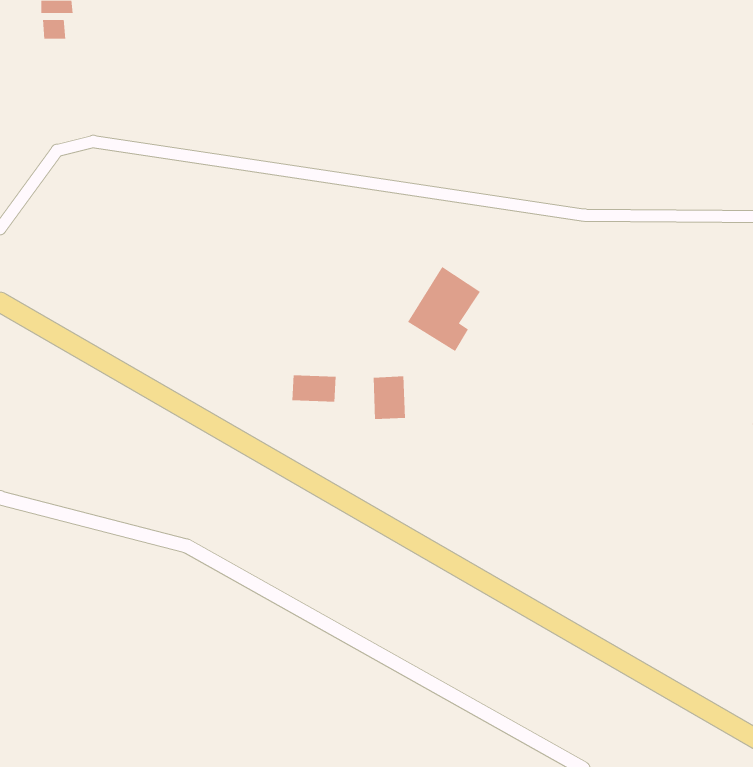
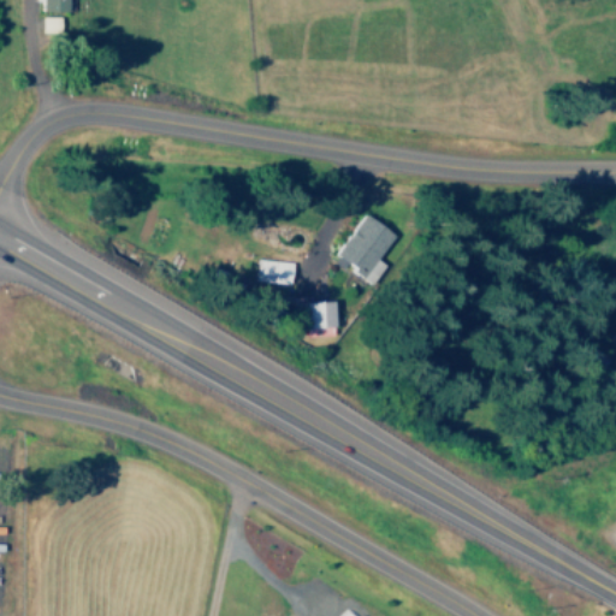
building: [291,375,337,402] -> [261,261,297,283]

